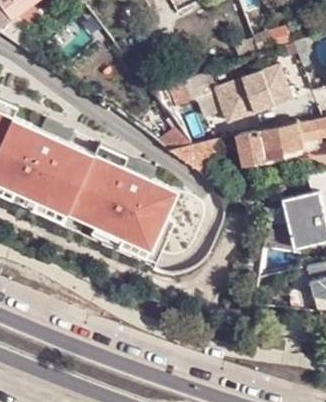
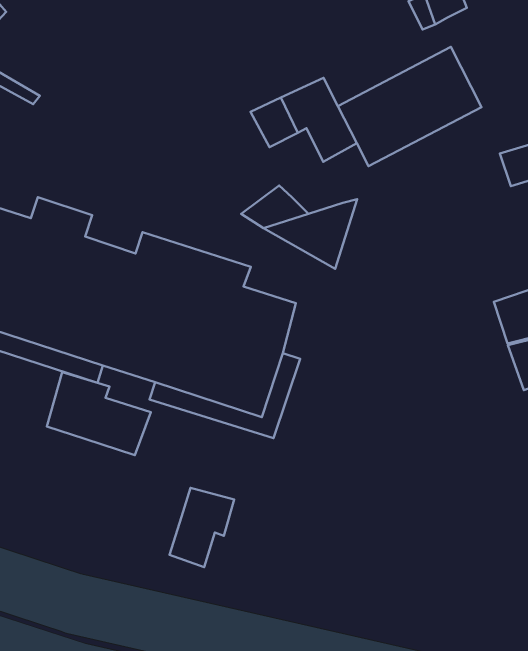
building: [238,122,303,163] -> none
building: none -> [47,372,151,455]
building: none -> [170,488,234,567]

